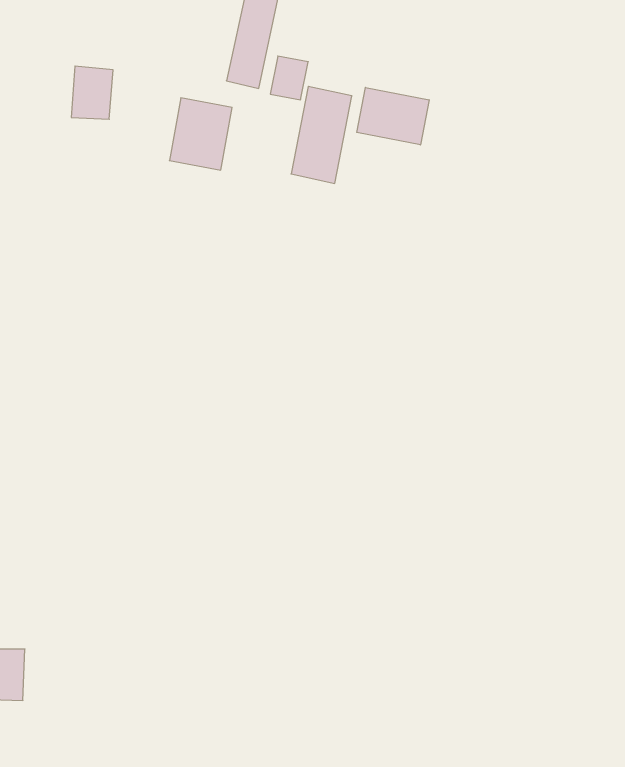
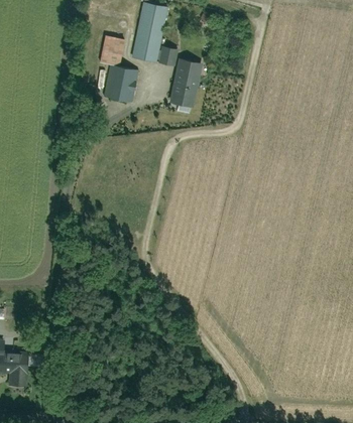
building: [71,66,113,119] -> [101,33,123,61]
building: [357,87,429,145] -> none

